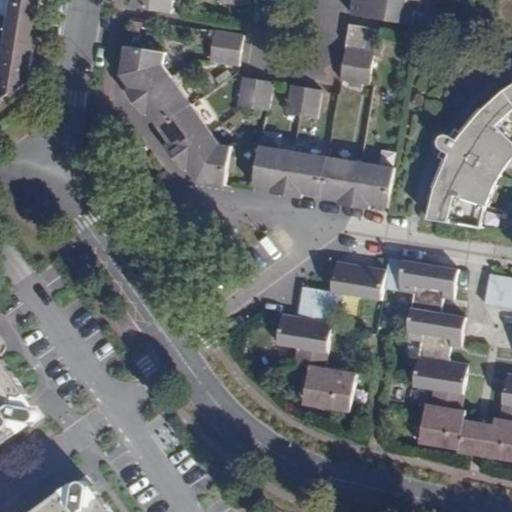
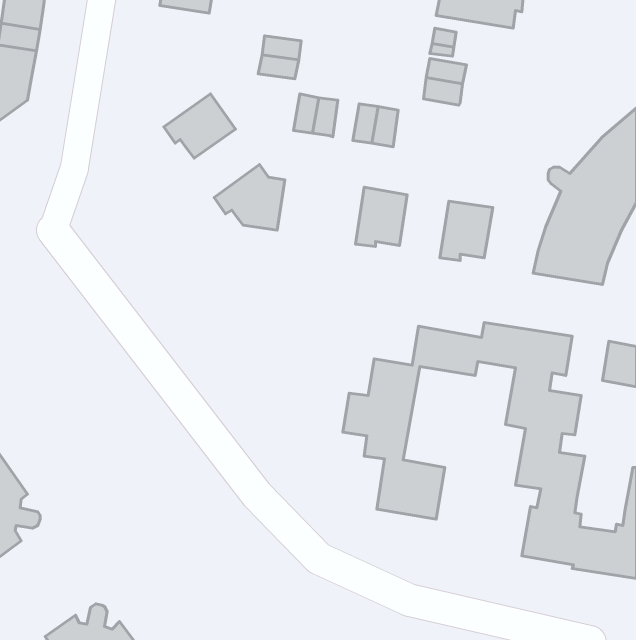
building: [119,46,170,102] -> none
building: [157,104,209,158] -> none
building: [252,145,292,195] -> none
building: [320,156,359,206] -> none

